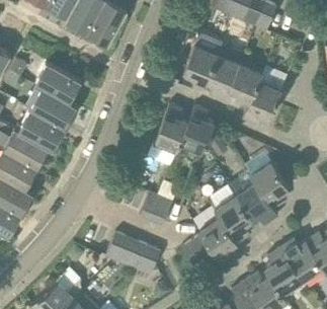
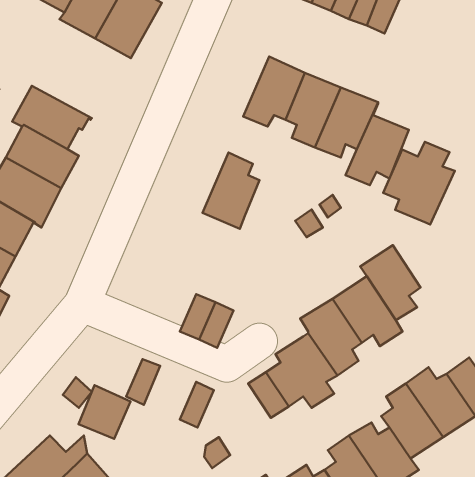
building: none -> [383,142,455,225]
building: [180,105,216,153] -> none
building: [117,236,150,269] -> [78,385,130,439]

